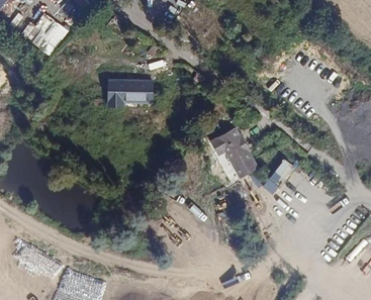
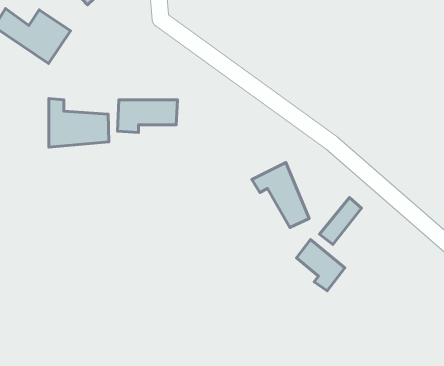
building: none -> [49,98,109,147]
building: none -> [296,240,345,291]

